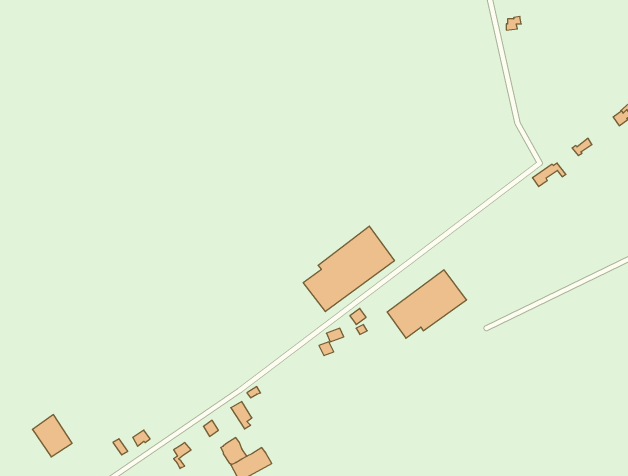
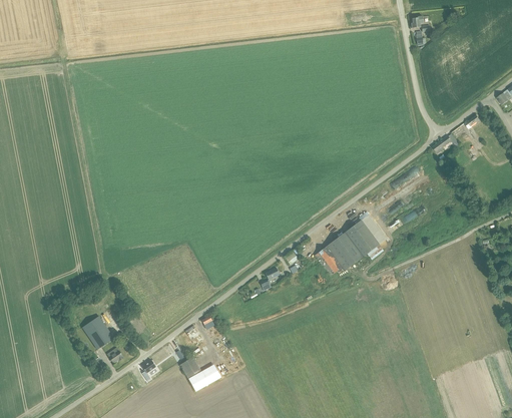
building: [303,226,394,312] -> none
building: [32,415,72,457] -> [82,315,114,349]

